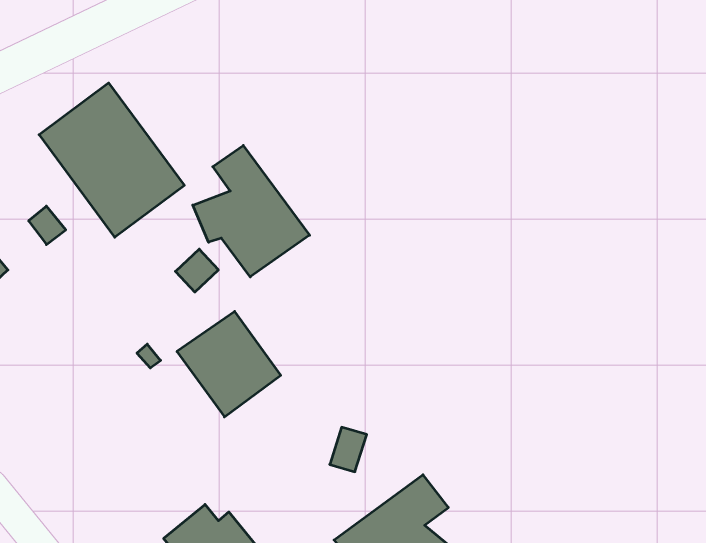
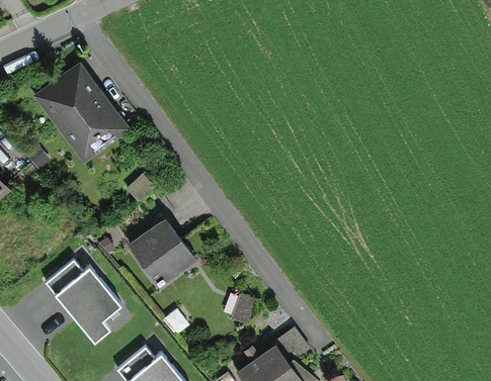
building: [193,145,310,277] -> none
building: none -> [46,260,122,343]

